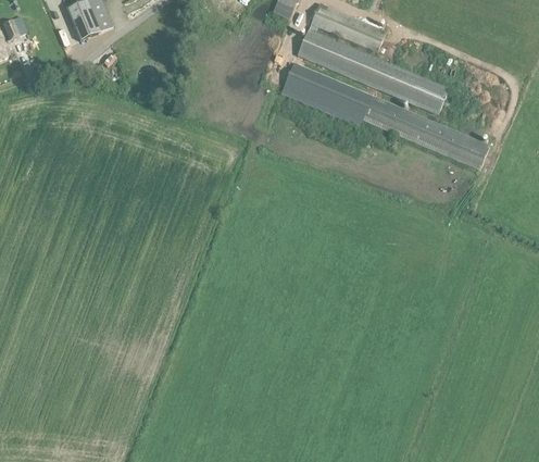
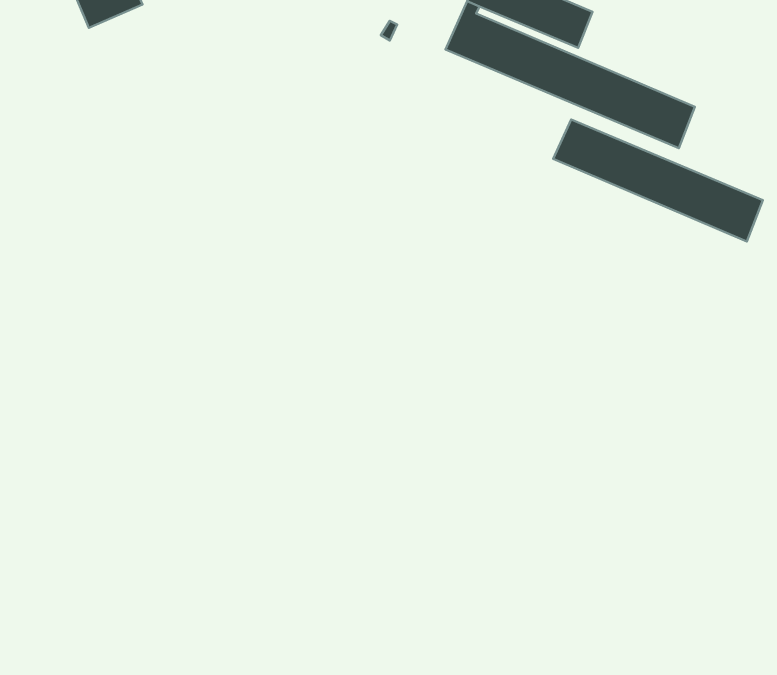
building: [284,62,373,120] -> none

